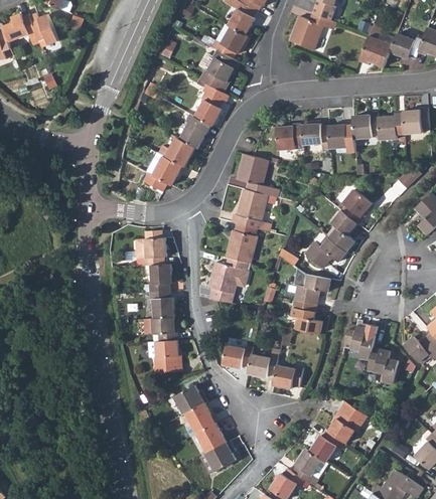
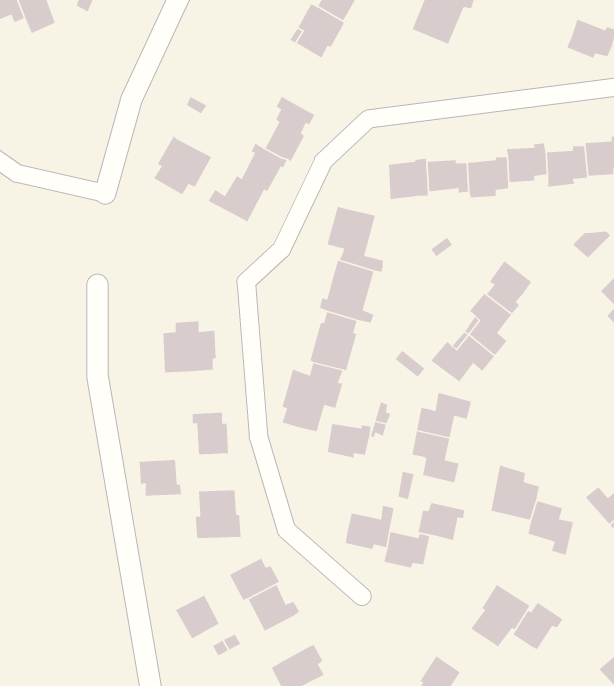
building: [360,35,395,66] -> none
building: [200,50,241,94] -> none
building: [143,150,181,189] -> [153,135,212,196]
building: [142,262,170,291] -> none
building: [148,316,176,340] -> [139,459,182,496]
building: [224,346,253,369] -> [327,423,372,459]
building: none -> [418,502,465,541]
building: [195,422,225,451] -> [175,594,220,639]
building: [311,429,344,460] -> [512,602,563,650]

